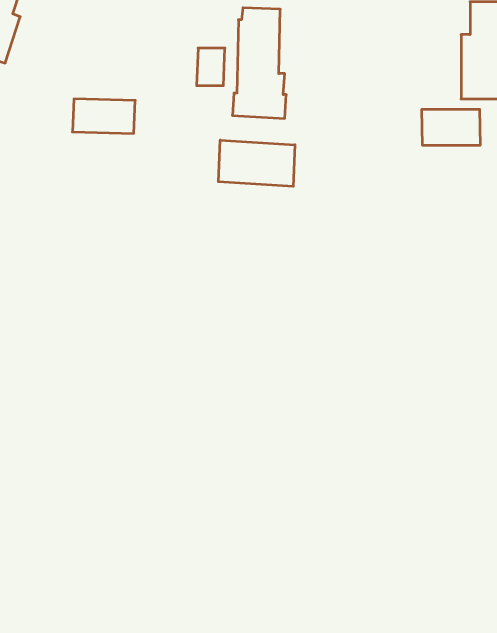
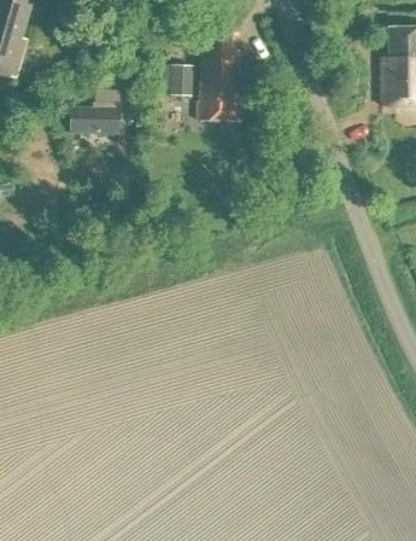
building: [422,109,480,145] -> none
building: [218,140,295,186] -> none

